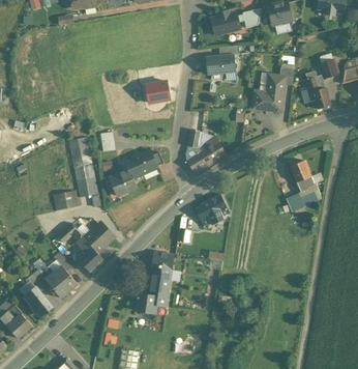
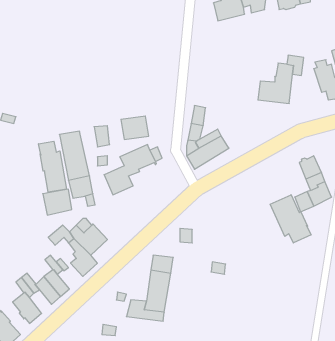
building: [205,45,238,81] -> none
building: [144,81,170,103] -> [121,116,149,139]
building: none -> [39,141,66,192]
building: [195,194,229,225] -> none
building: none -> [270,195,311,243]

